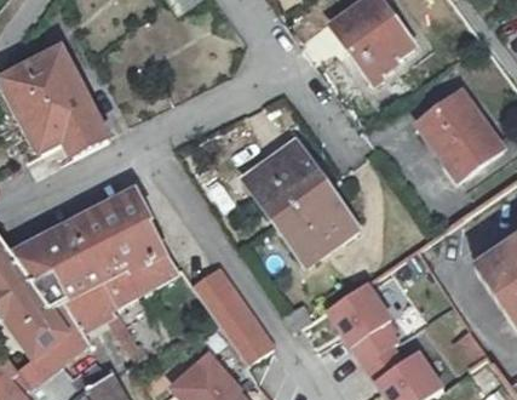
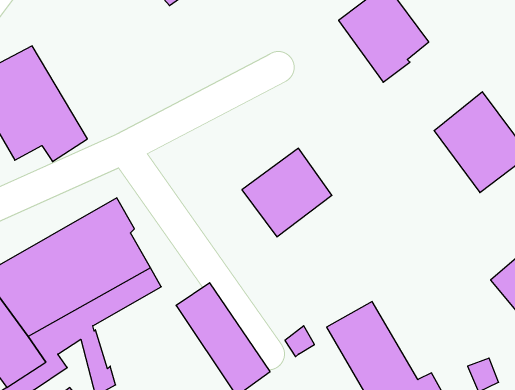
building: [280,185,361,265] -> none

